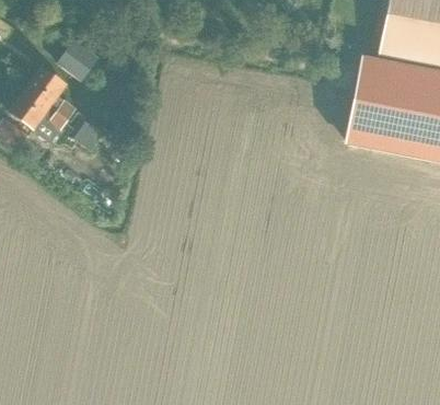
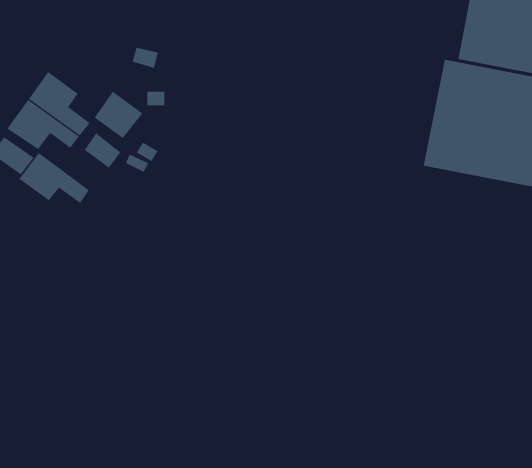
building: [57,40,97,80] -> [94,91,143,139]
building: none -> [19,152,89,204]

